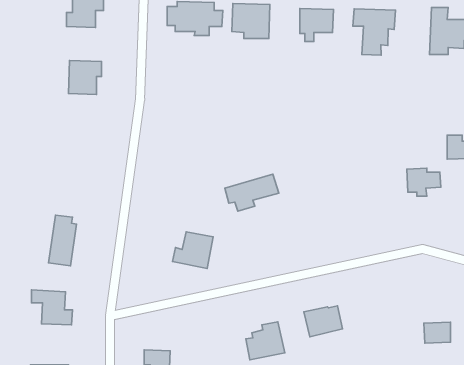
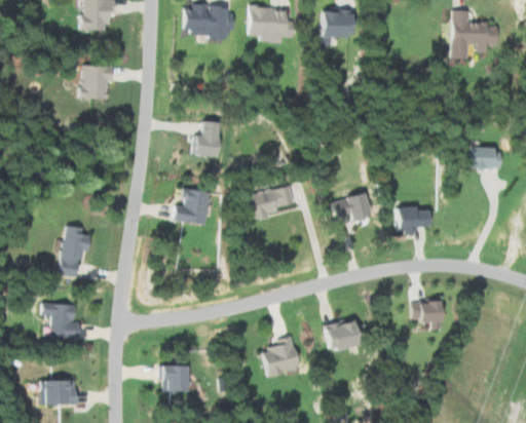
building: [353,9,396,55] -> none
building: none -> [190,121,222,155]
building: [407,168,441,196] -> [393,205,428,234]
building: none -> [331,192,367,219]
building: [172,232,213,269] -> [171,187,213,225]
building: [424,322,451,343] -> [412,300,440,321]

